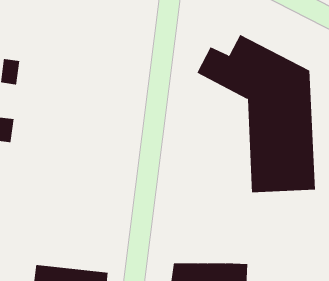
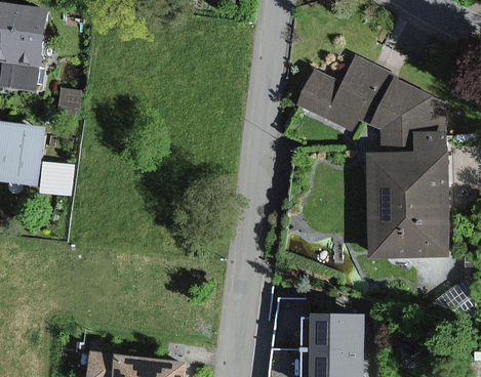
building: none -> [269,297,364,349]

